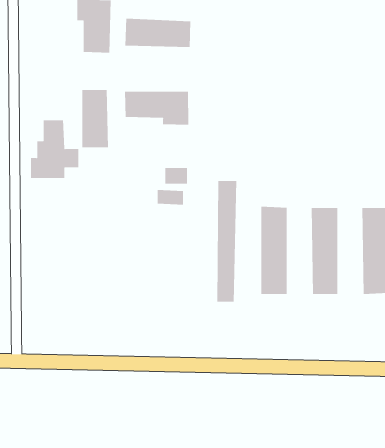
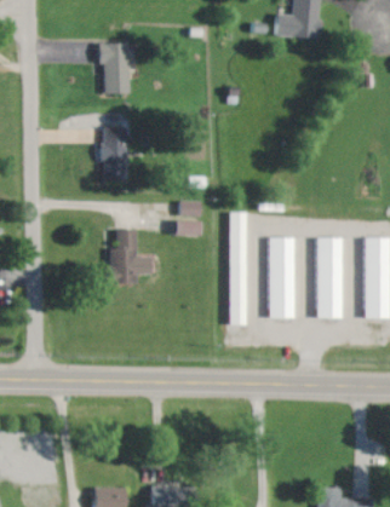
building: [125,18,191,48] -> none
building: [125,91,189,125] -> none
building: [30,120,79,178] -> [103,229,149,283]

